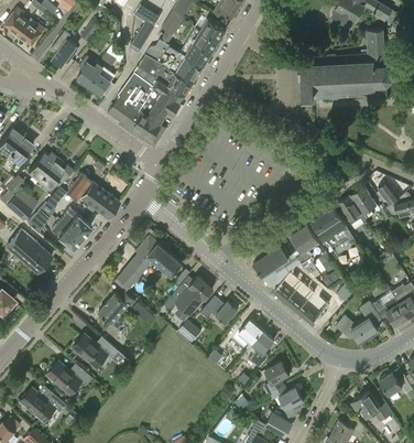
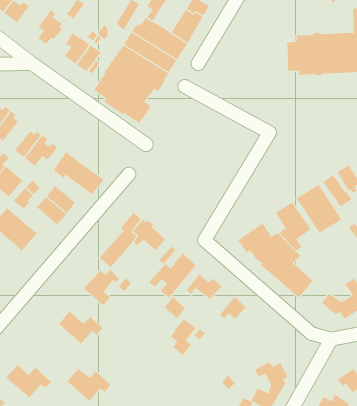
building: [247,331,273,368] -> [170,318,196,356]
building: [46,361,91,395] -> [67,368,112,401]
building: [264,361,288,393] -> none

